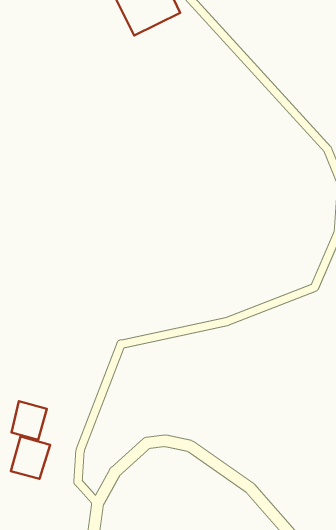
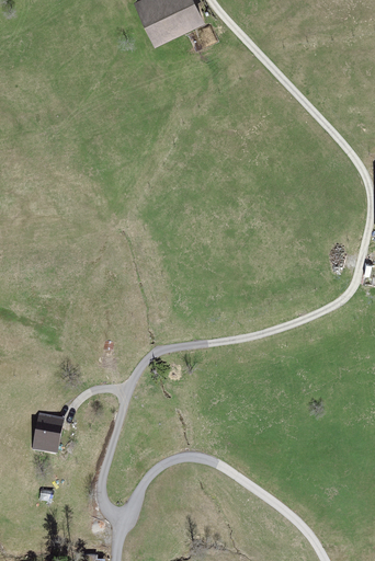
building: [11,436,50,479] -> none

